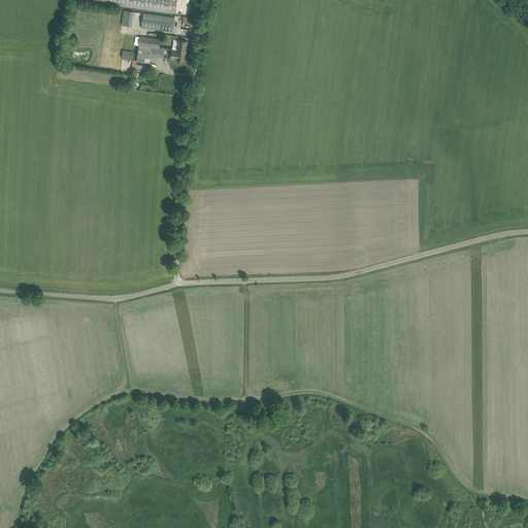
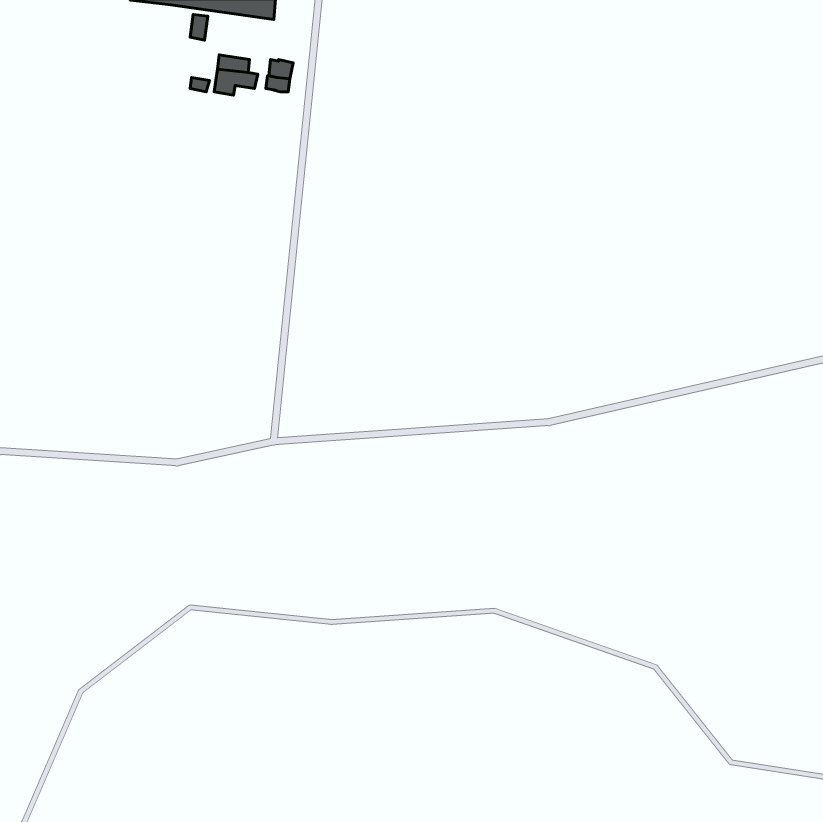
building: [141,12,174,31] -> none

